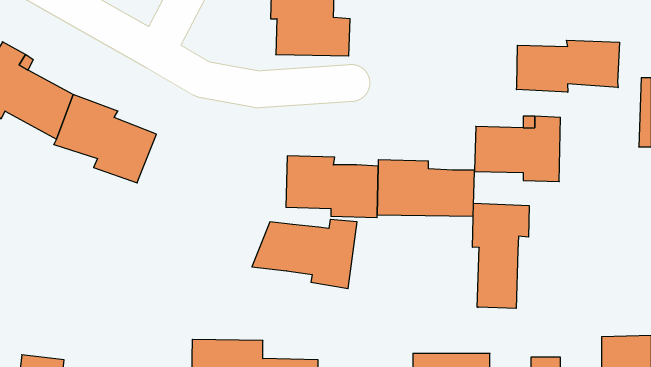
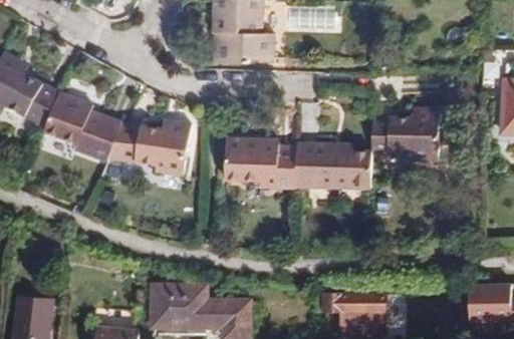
building: [517,40,619,92] -> none
building: [473,203,529,308] -> none
building: [252,219,357,289] -> [109,121,192,176]

